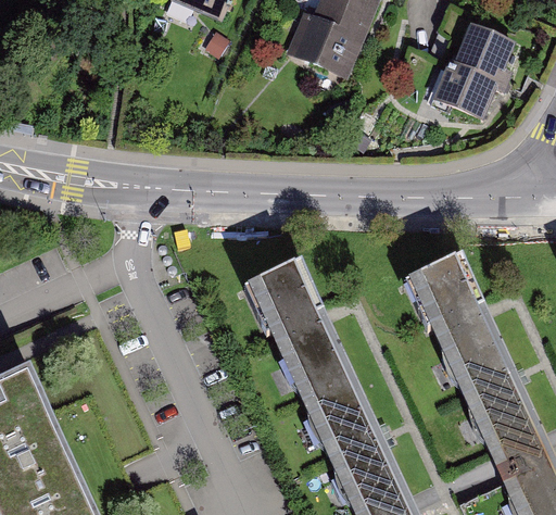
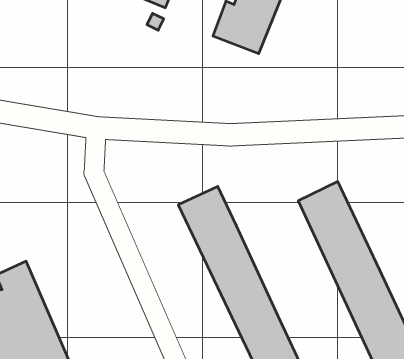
building: [441,20,522,117] -> none

